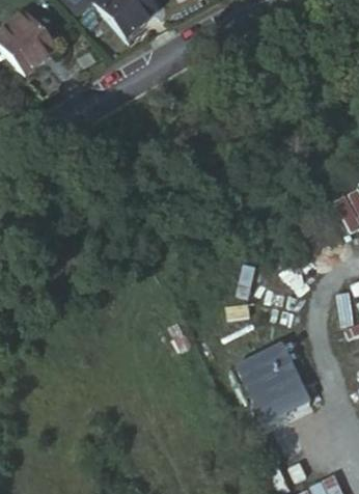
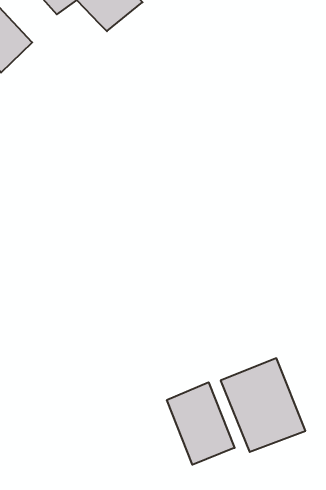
building: none -> [167,382,235,465]

